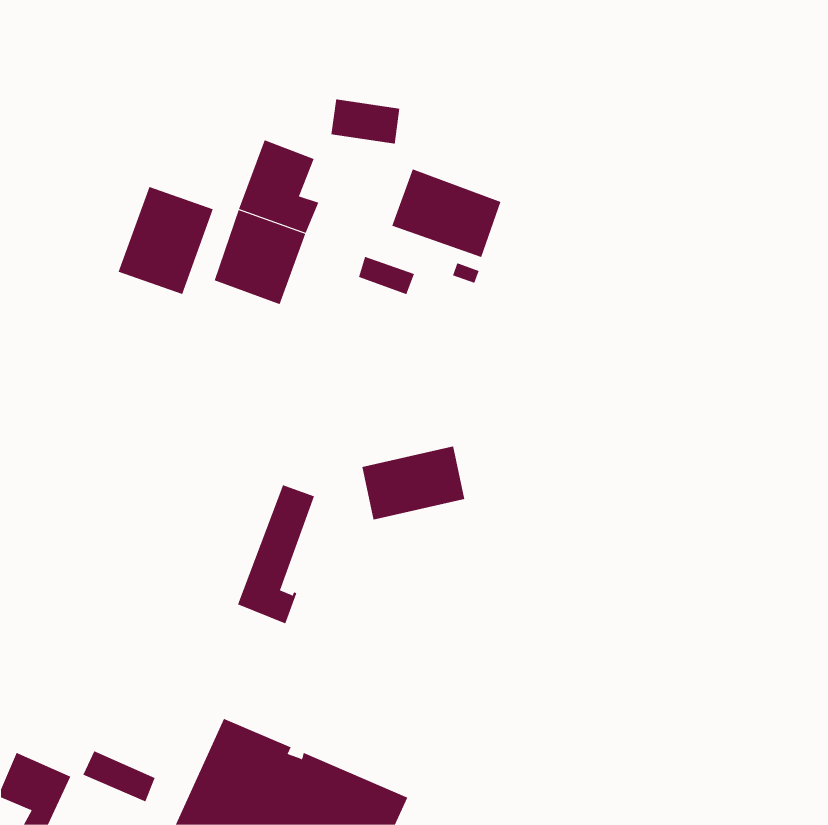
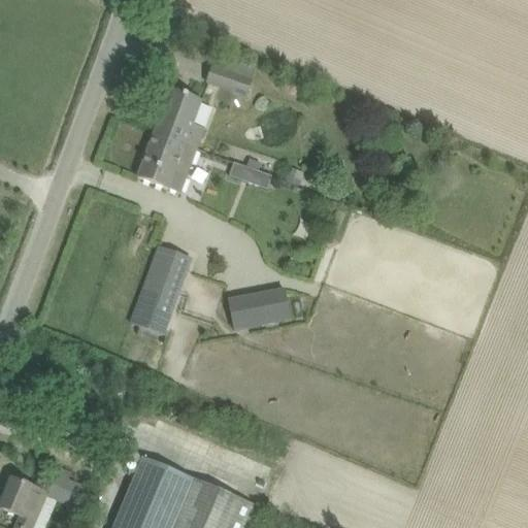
building: [392,169,501,258] -> none
building: [118,186,214,295] -> none
building: [237,485,315,624] -> [131,246,180,335]

